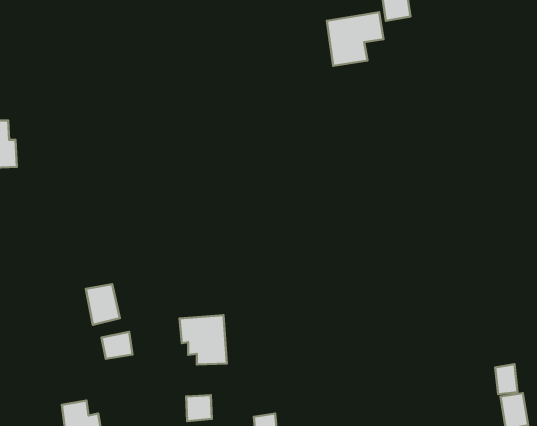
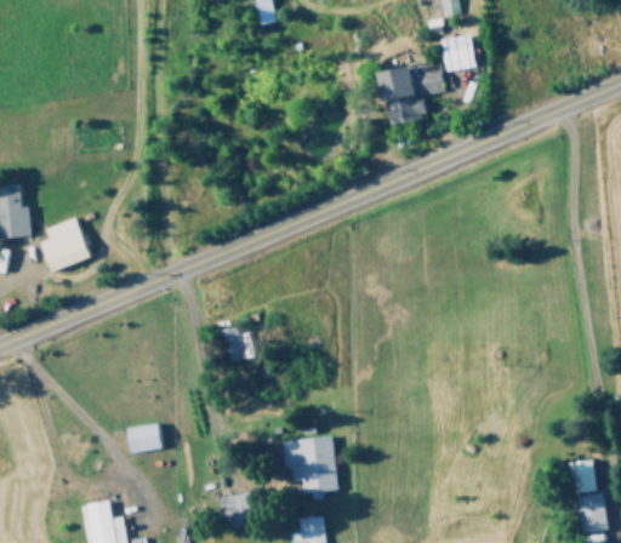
building: none -> [40,217,90,272]
building: none -> [223,326,255,361]
building: [86,284,120,325] -> none
building: [180,315,227,365] -> [283,436,336,492]

